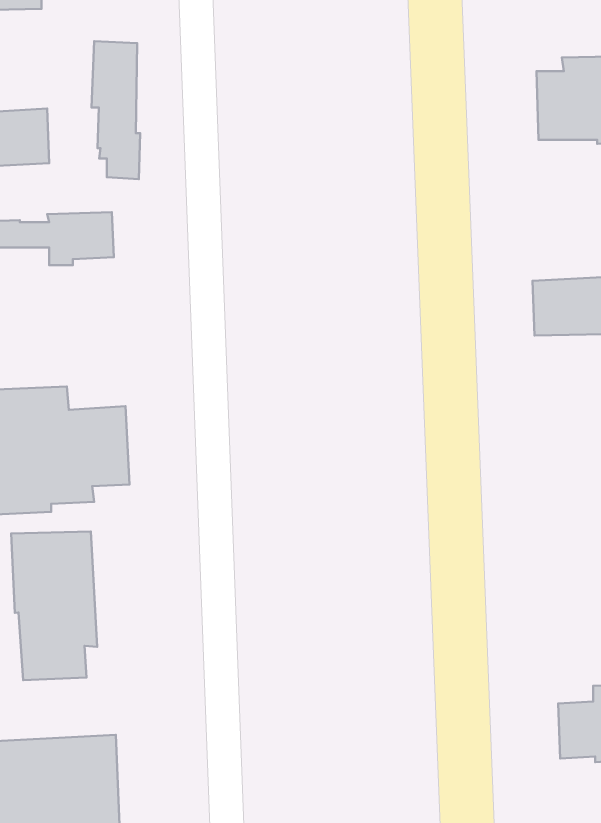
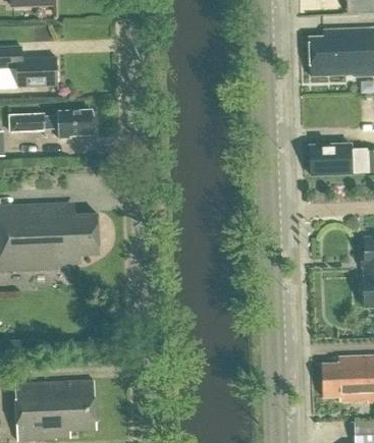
building: [91,41,140,179] -> none
building: [11,532,97,680] -> none

